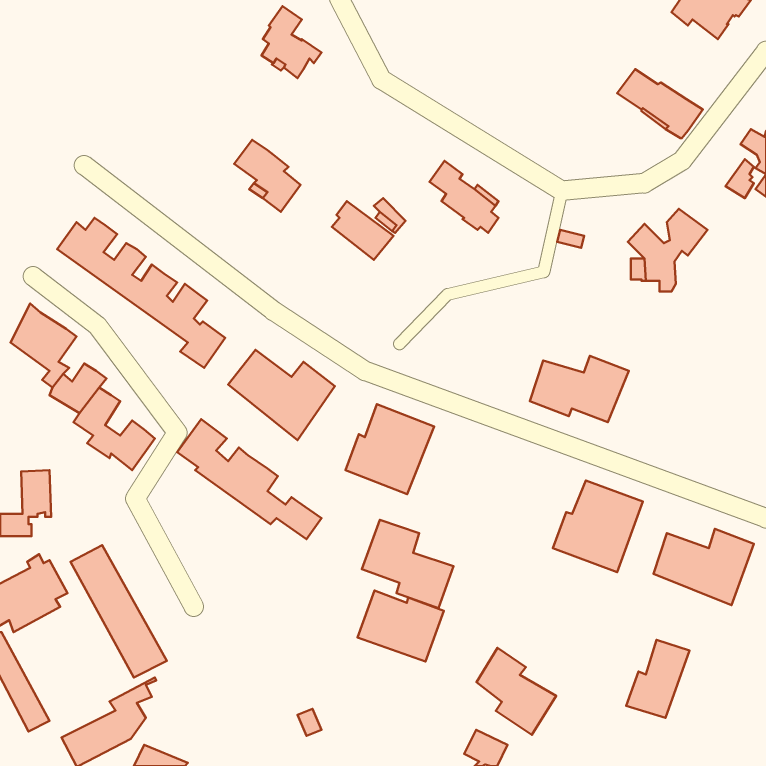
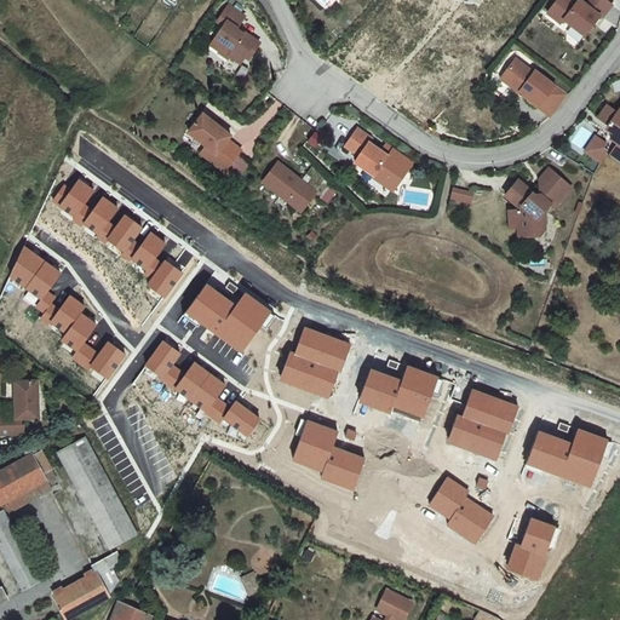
building: [530,356,629,422] -> [358,364,438,418]
building: [358,590,444,661] -> none
building: [476,648,556,735] -> [429,475,493,545]

